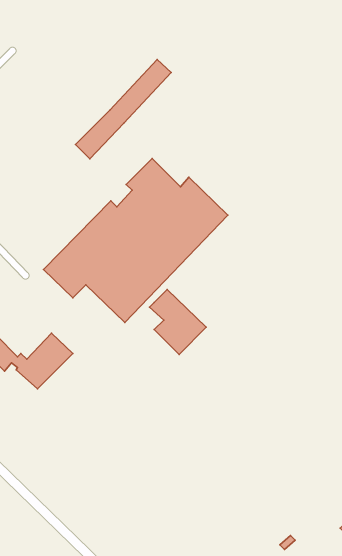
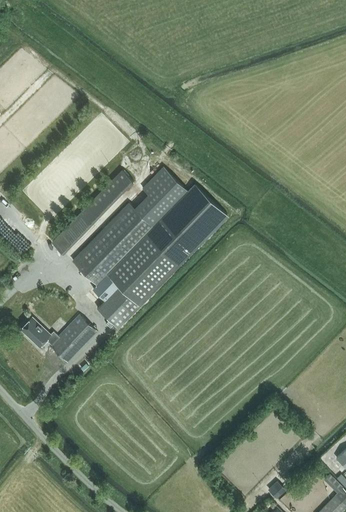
building: [75,59,171,159] -> [51,170,132,254]
building: [150,289,206,354] -> [93,274,141,329]

